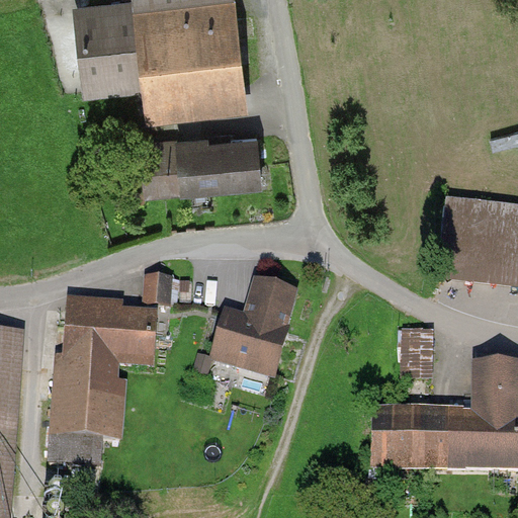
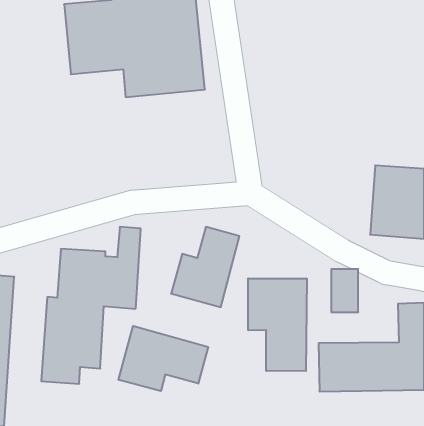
building: [148,131,272,196] -> none
building: none -> [248,278,307,371]
building: none -> [119,326,208,391]

